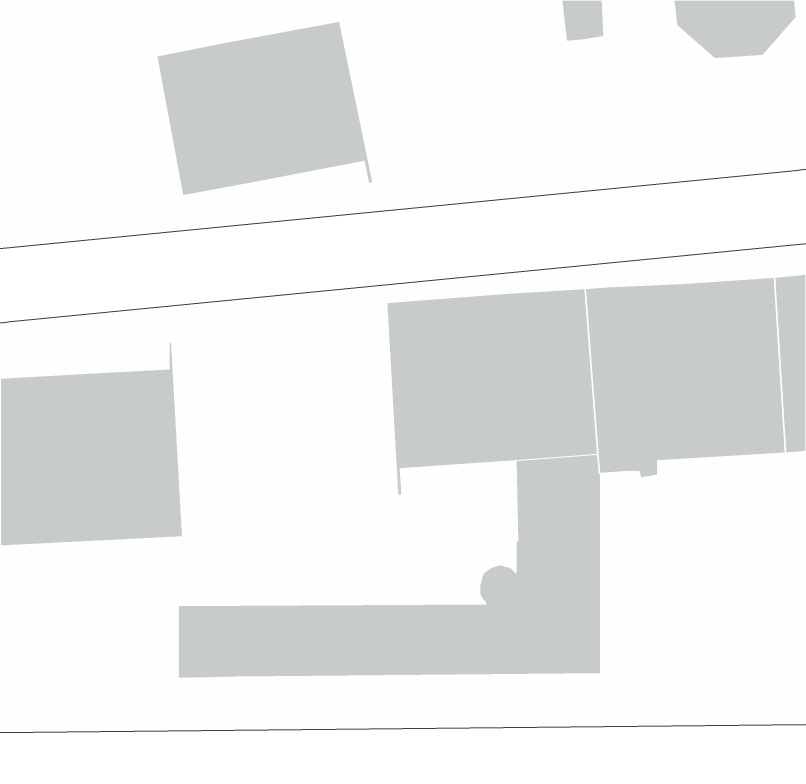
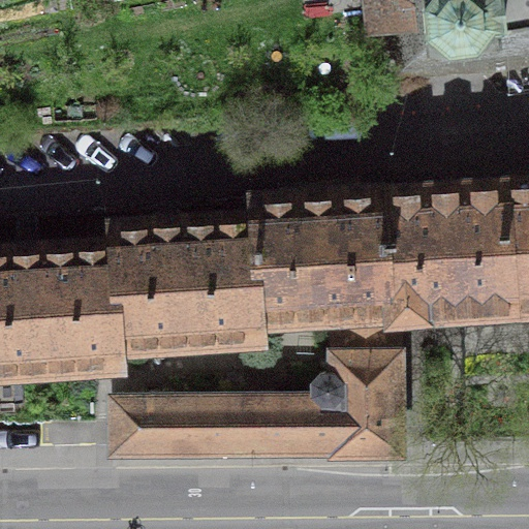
building: [157,21,373,196] -> none
building: none -> [113,213,260,366]

